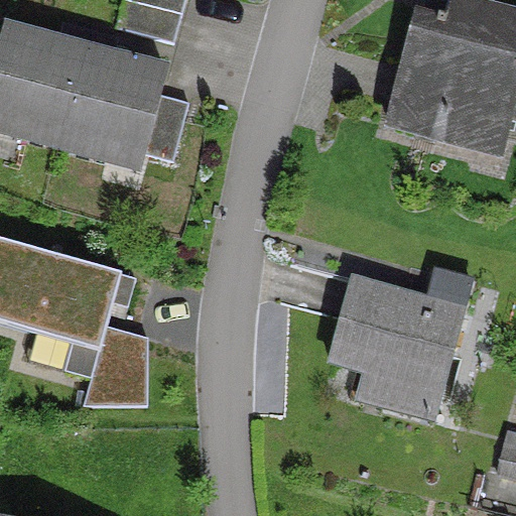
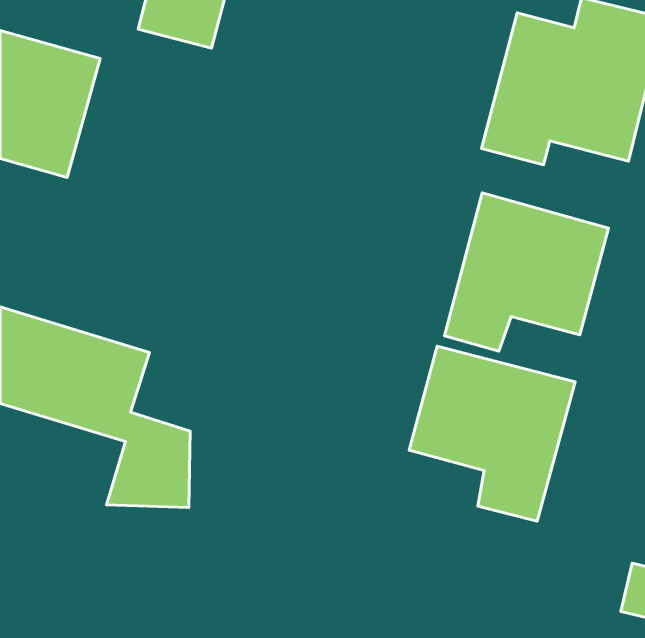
building: [55,46,185,163] -> none
building: none -> [444,193,608,351]

